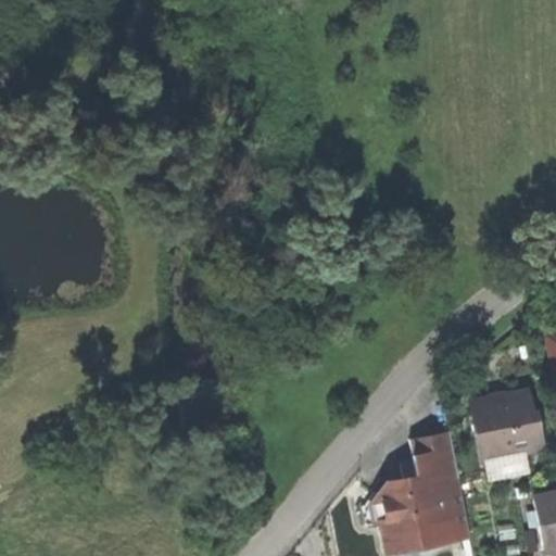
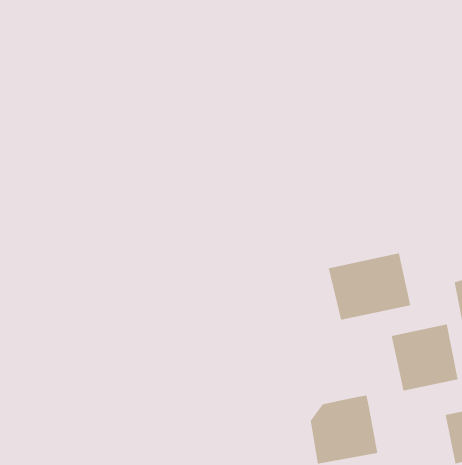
building: none -> [328,252,411,321]
building: [413,434,462,486] -> none

